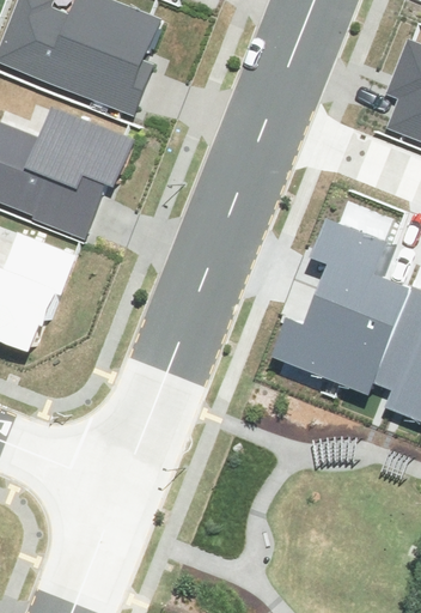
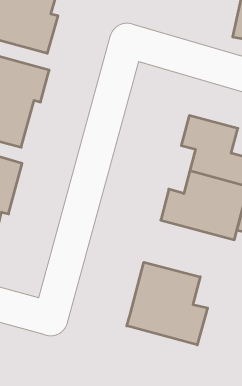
building: none -> [127,262,208,345]

